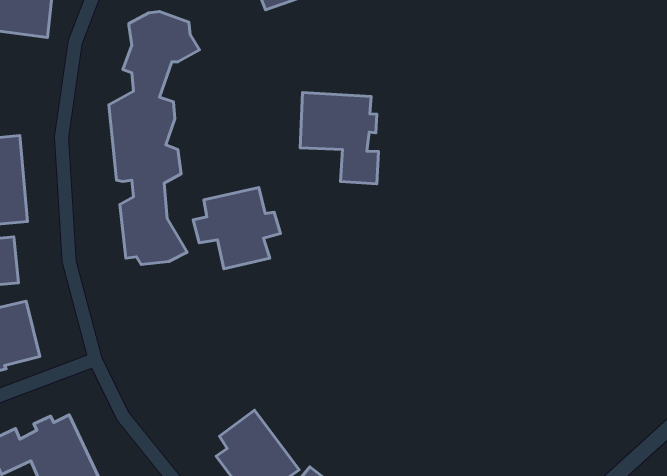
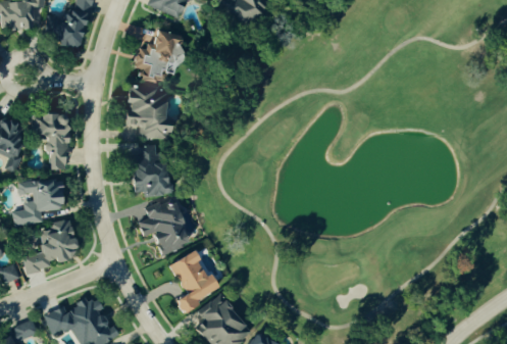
building: [300,92,379,184] -> none
building: [193,188,280,269] -> [139,199,197,253]
building: none -> [170,252,220,311]

